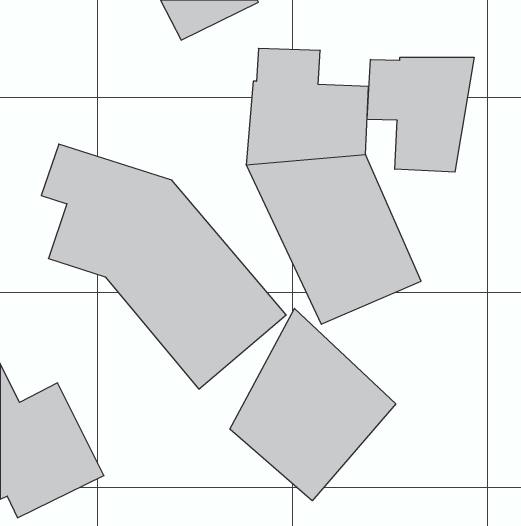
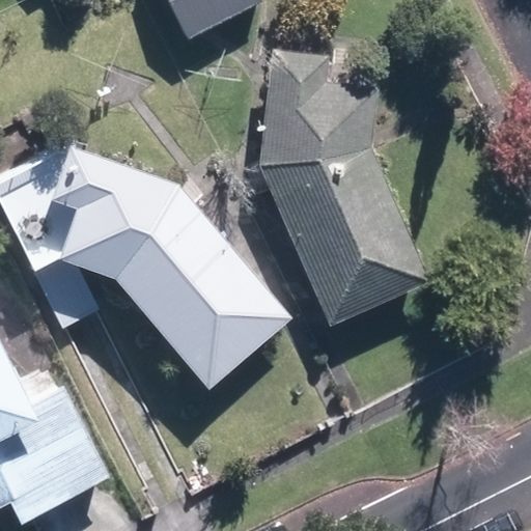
building: [367,57,474,172] -> none
building: [230,308,396,501] -> none

